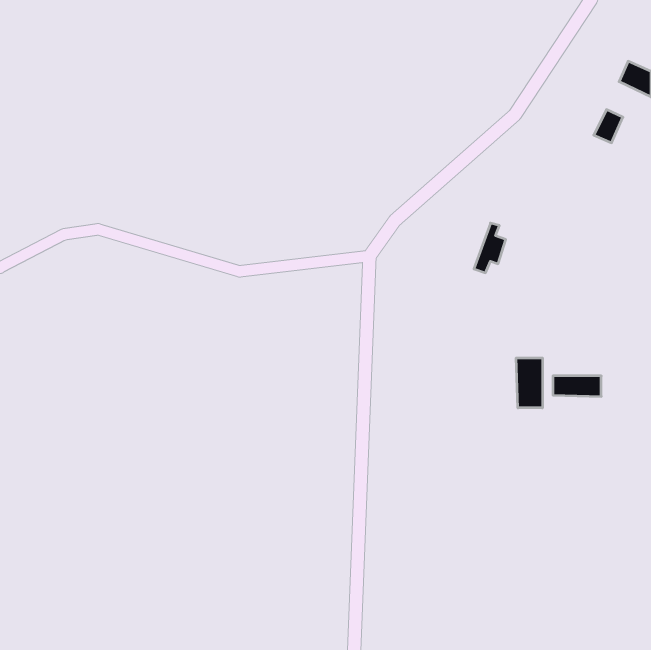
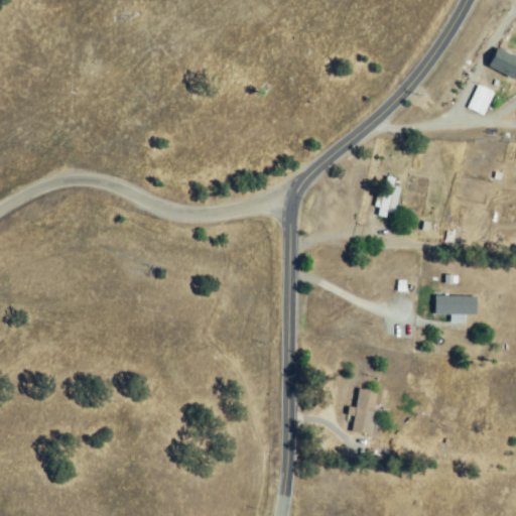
building: [516,358,542,408] -> none
building: none -> [352,390,384,432]

